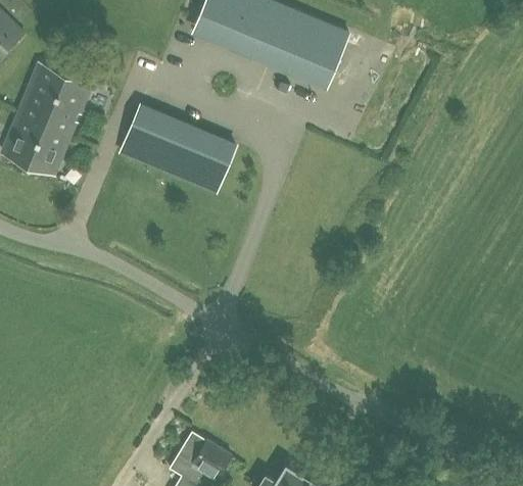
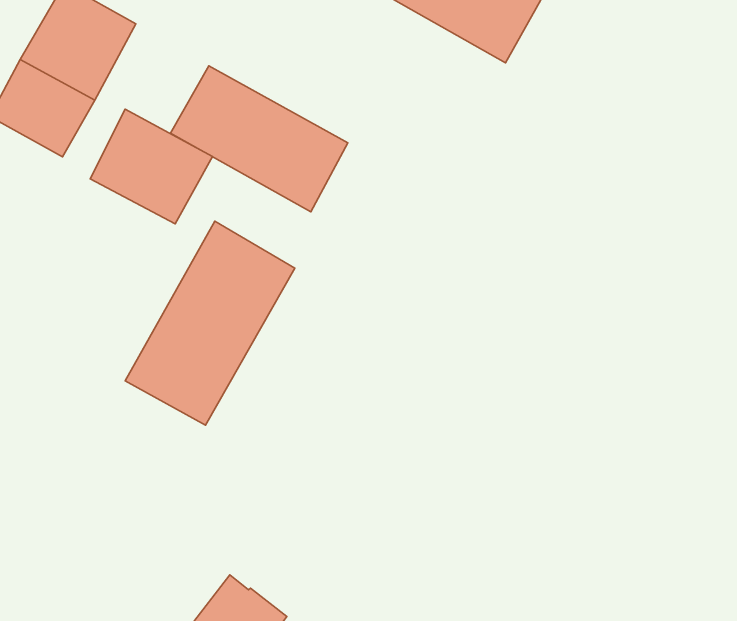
building: none -> [90,109,213,224]
building: none -> [125,221,295,425]

